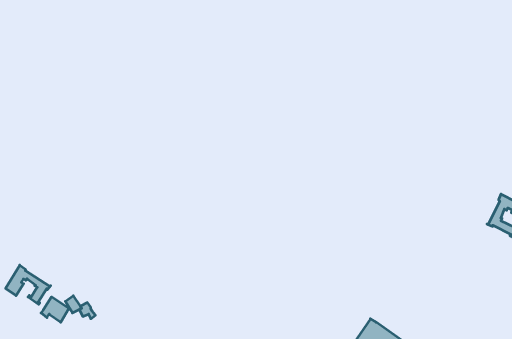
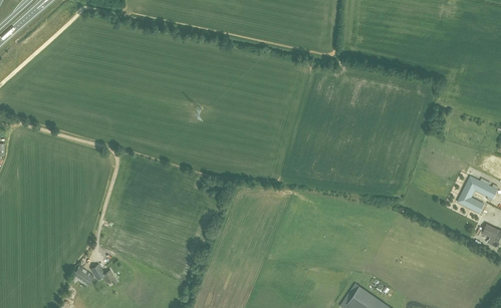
building: [6,265,51,304] -> none

